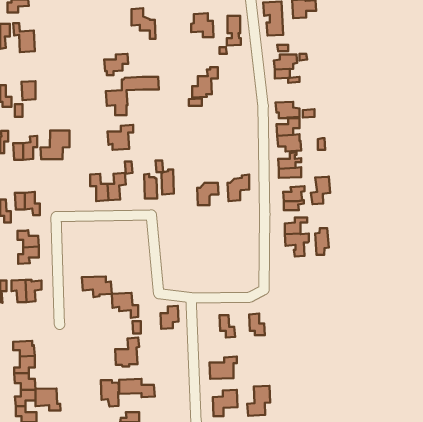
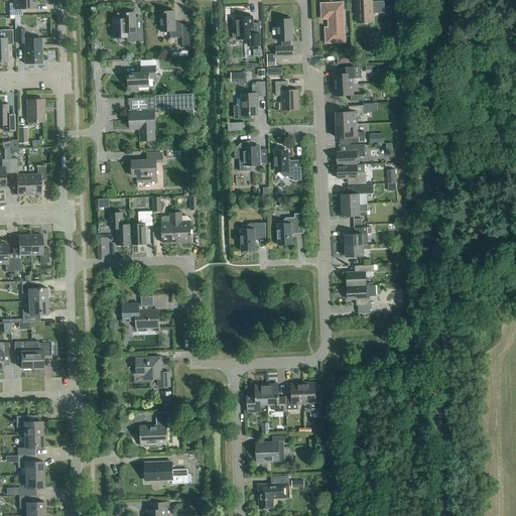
building: none -> [111,12,142,41]
building: none -> [276,82,298,110]
building: none -> [336,105,364,125]
building: none -> [235,140,267,170]
building: none -> [274,149,301,180]
building: [41,131,70,159] -> none
building: [161,170,174,194] -> [161,213,176,243]
building: [311,177,330,204] -> none
building: [315,228,329,255] -> none
building: [82,276,112,297] -> [123,303,159,329]
building: [160,306,179,329] -> [246,384,268,412]
building: none -> [285,383,304,409]
building: [101,380,119,407] -> none
building: [247,386,270,416] -> none
building: [36,389,61,411] -> none

